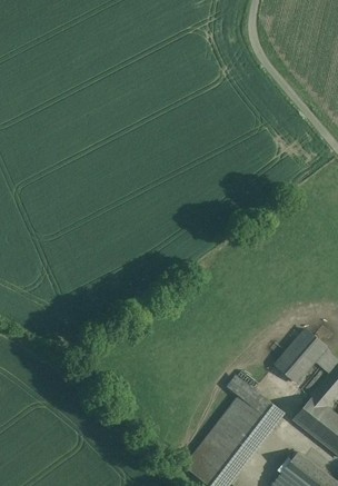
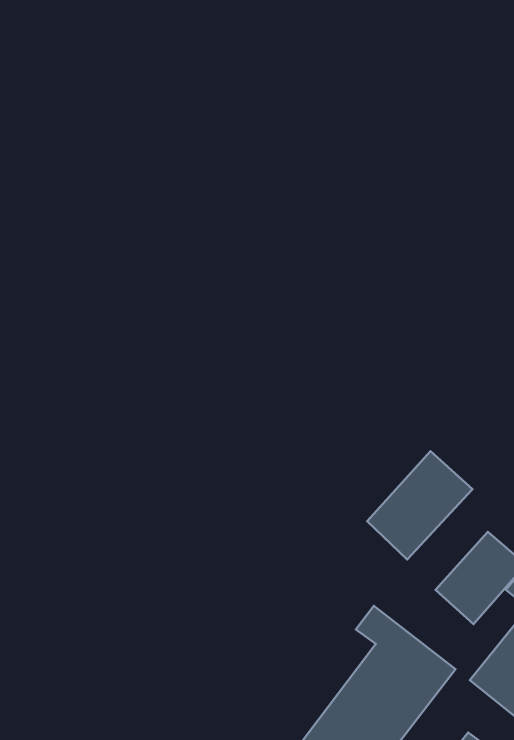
building: none -> [367,451,473,559]

